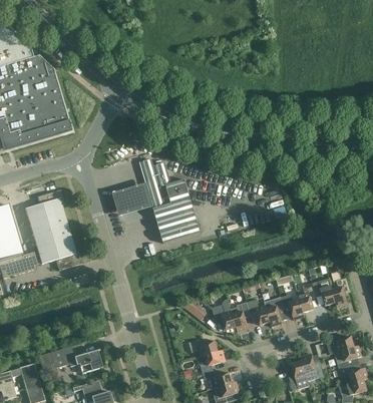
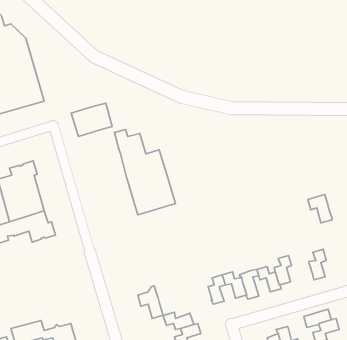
building: [112,182,152,216] -> [71,103,112,137]
building: [312,278,336,306] -> [308,195,332,223]
building: [212,298,237,330] -> [138,286,163,318]

